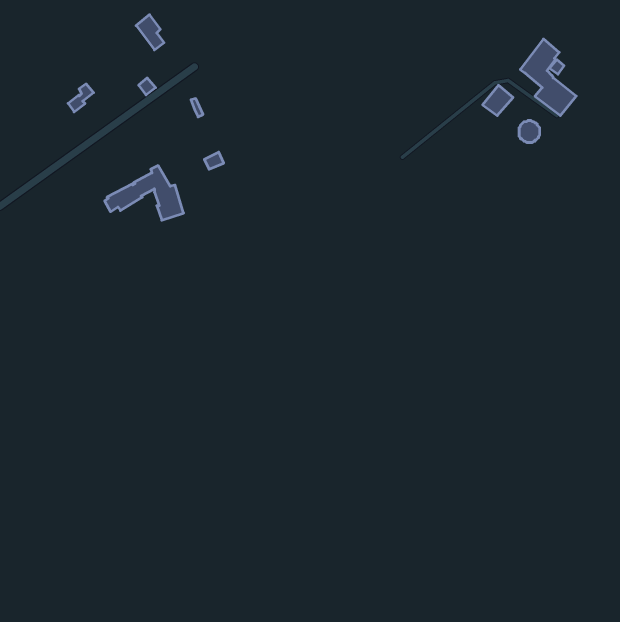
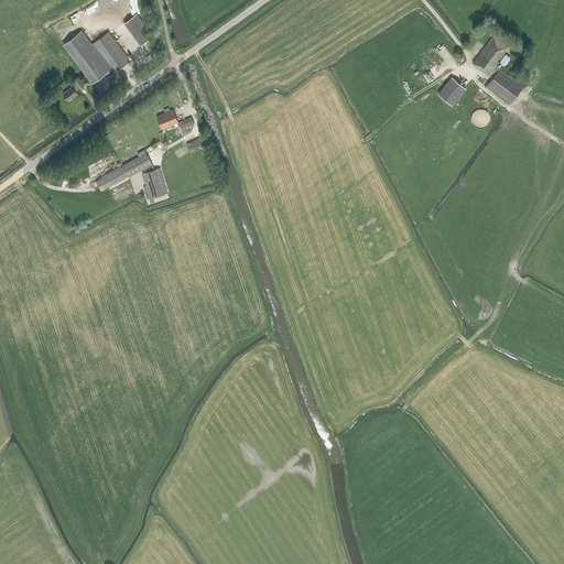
building: none -> [62,31,130,84]
building: none -> [155,109,193,133]

